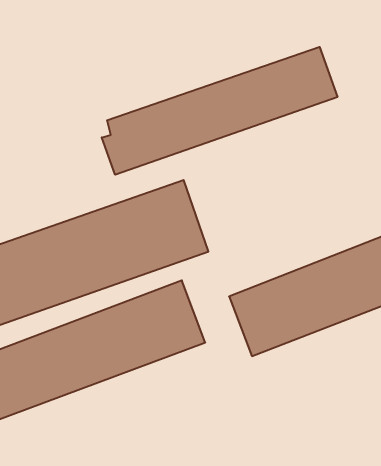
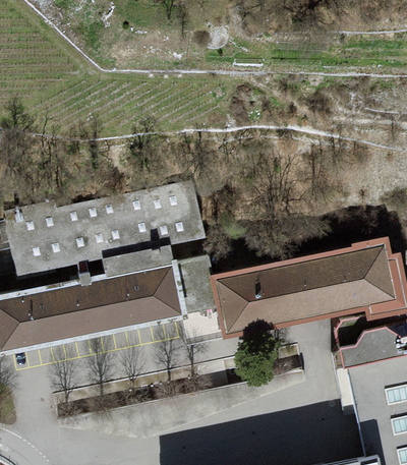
building: [102,47,337,175] -> none

